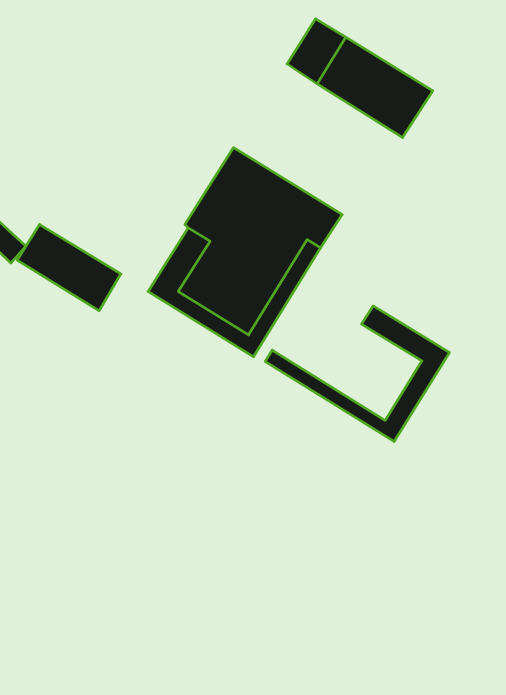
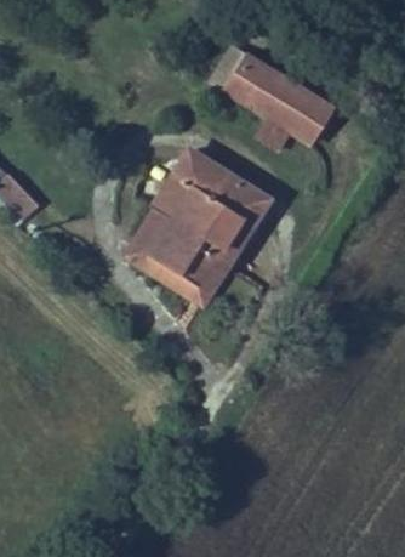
building: [17,224,121,311] -> none
building: [265,306,449,442] -> none

